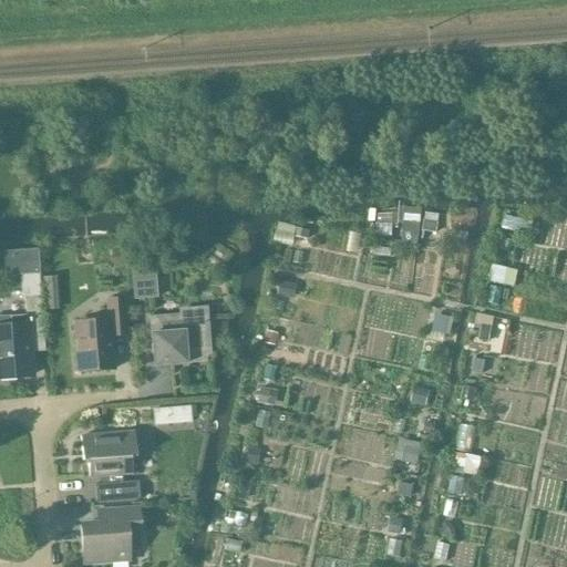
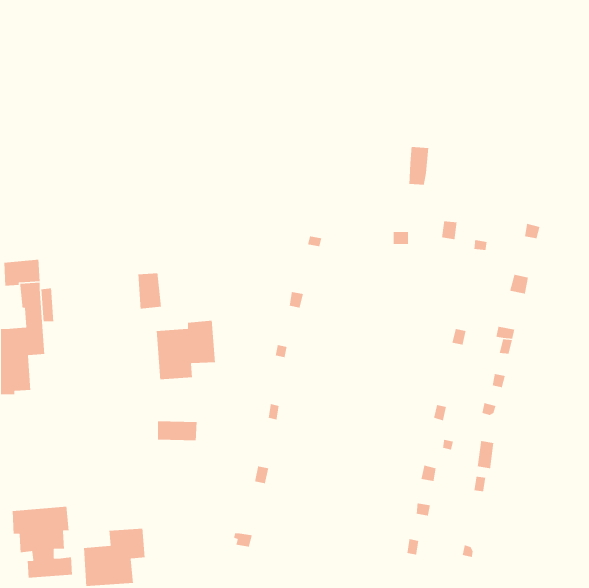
building: [403,206,423,244] -> [408,146,429,186]
building: [74,298,126,370] -> none
building: [81,431,140,501] -> [12,506,73,579]

